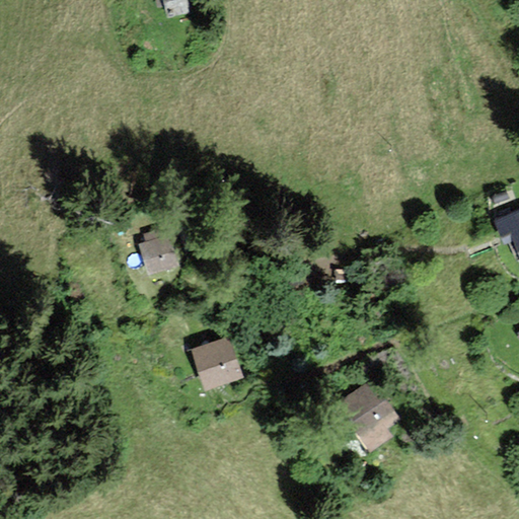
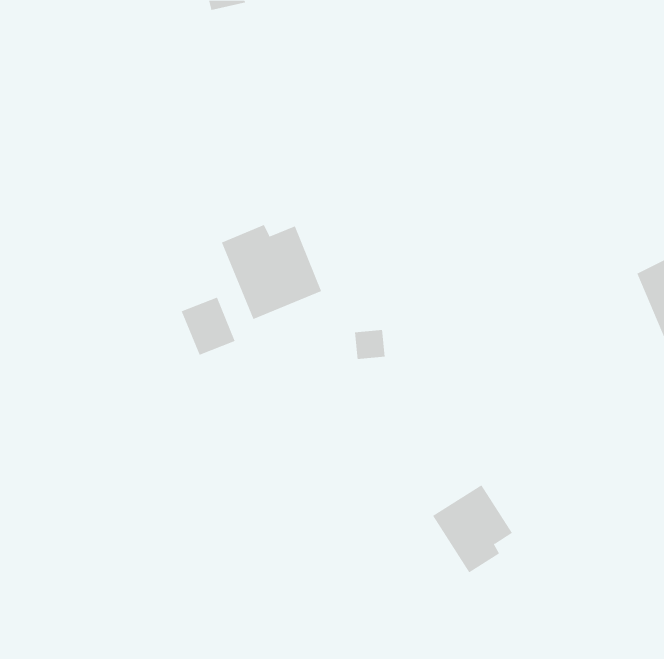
building: none -> [221,224,322,320]
building: [187,330,242,389] -> none

